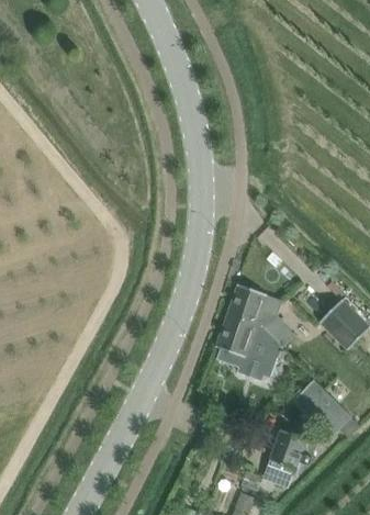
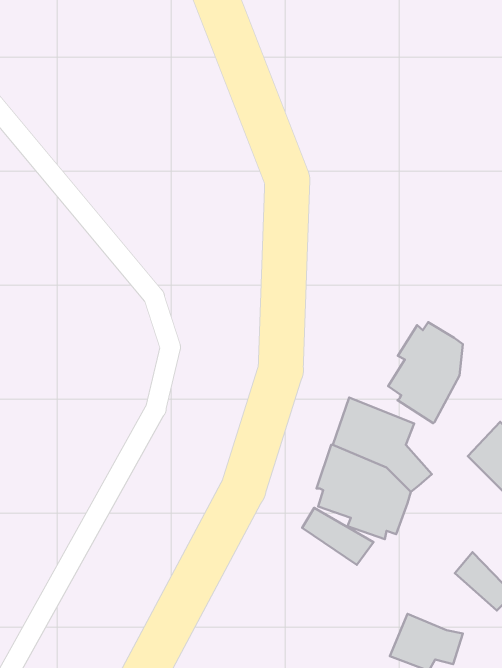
building: none -> [388,322,463,423]
building: none -> [302,508,373,565]

